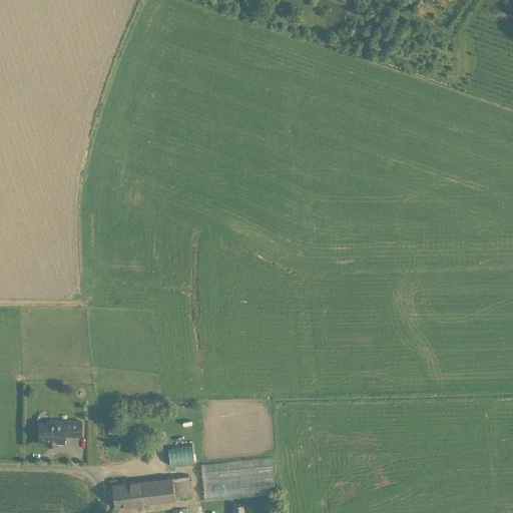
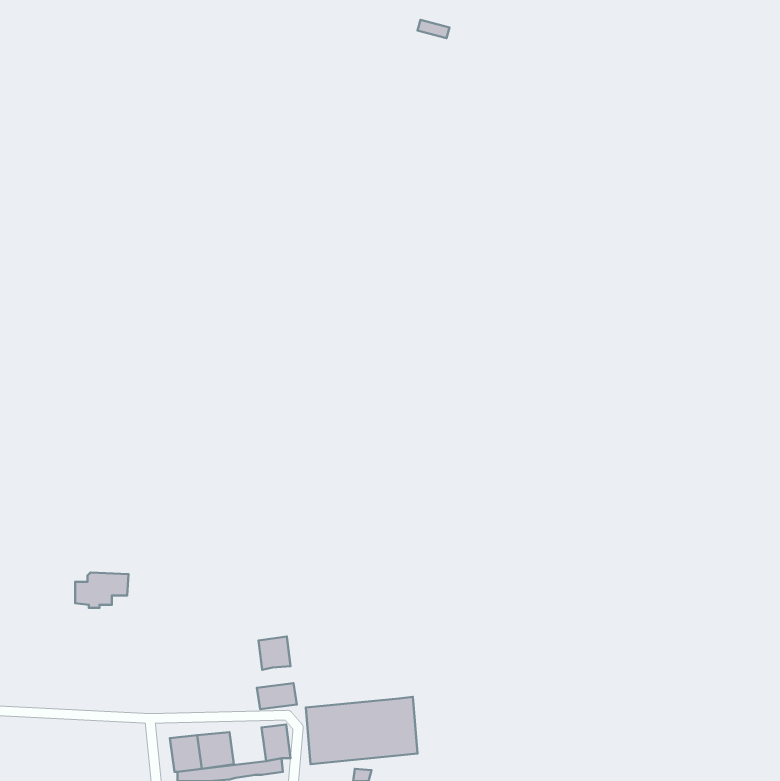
building: none -> [259,637,291,670]
building: [39,420,74,443] -> [75,573,129,608]
building: [150,477,174,501] -> none

